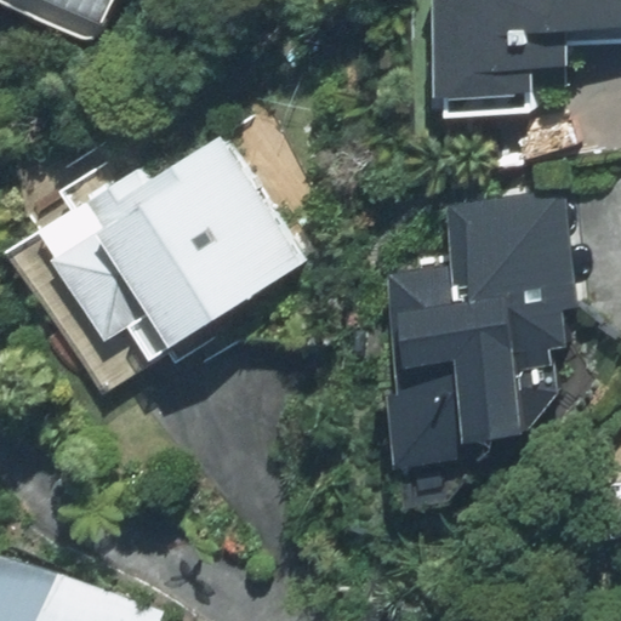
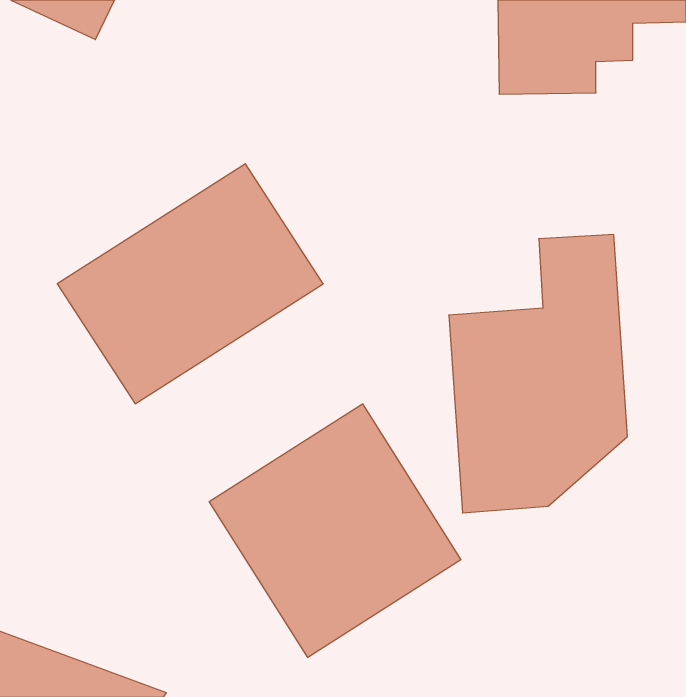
building: none -> [209,404,461,657]

